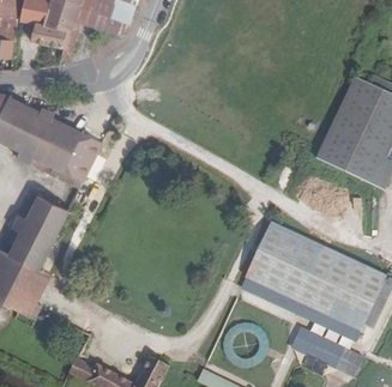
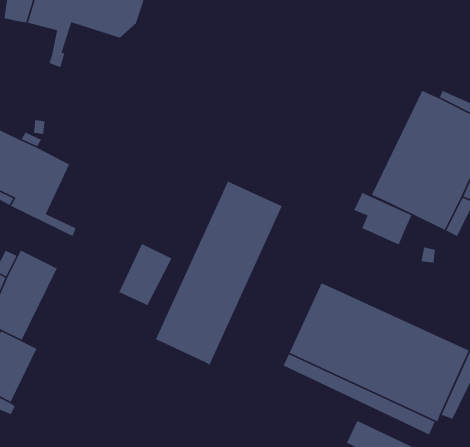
building: [30,20,66,46] -> none
building: [59,131,101,180] -> [118,243,172,306]
building: none -> [155,180,283,366]
building: none -> [353,192,413,245]

